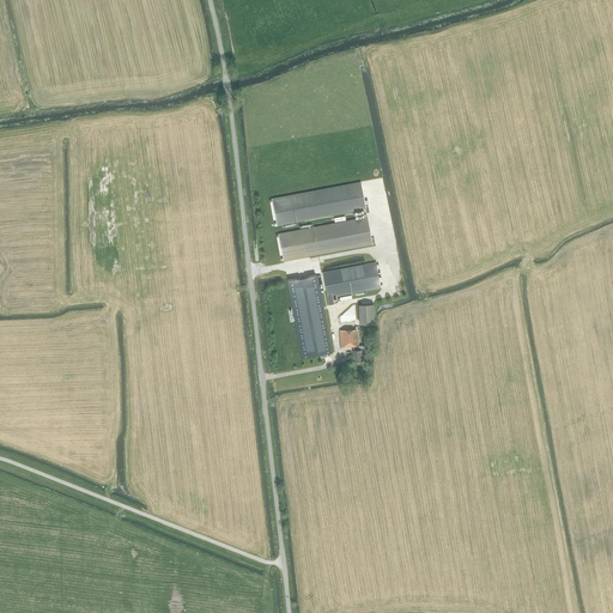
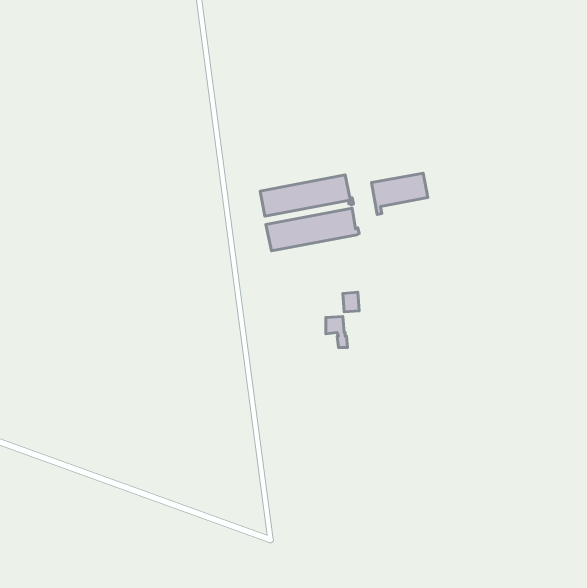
building: [322,262,381,305] -> [371,173,428,215]
building: [286,273,328,347] -> none

